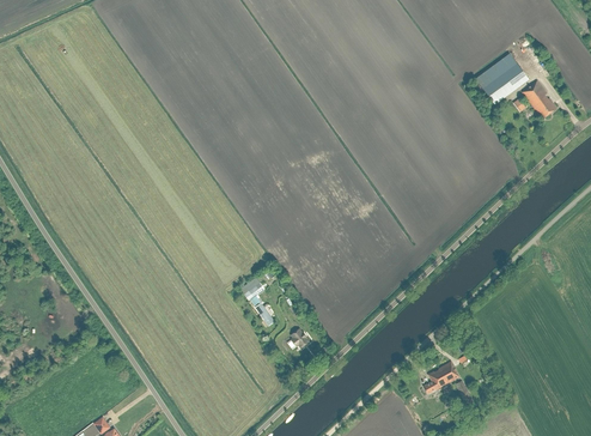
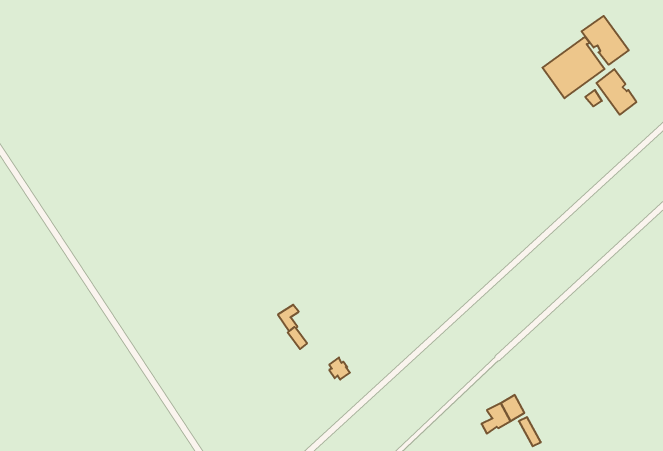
building: none -> [582,16,629,65]

